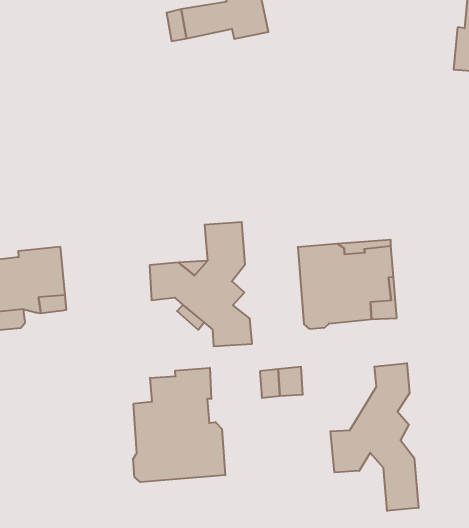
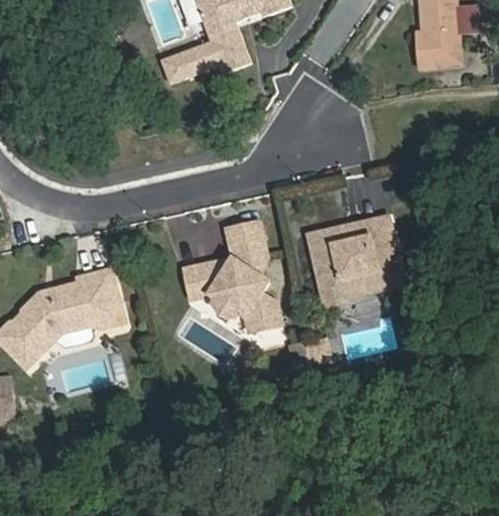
building: [330,363,419,511] -> none
building: [133,368,225,482] -> none

